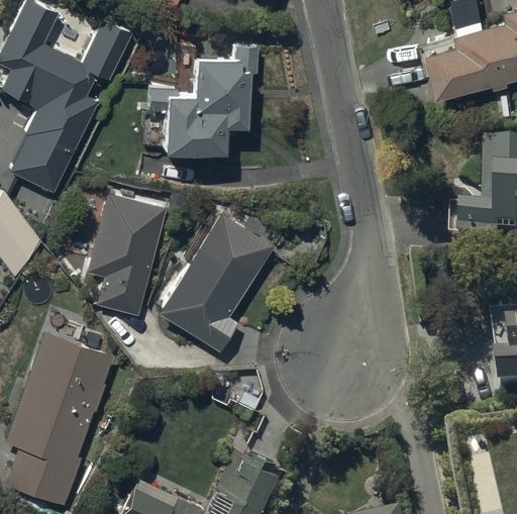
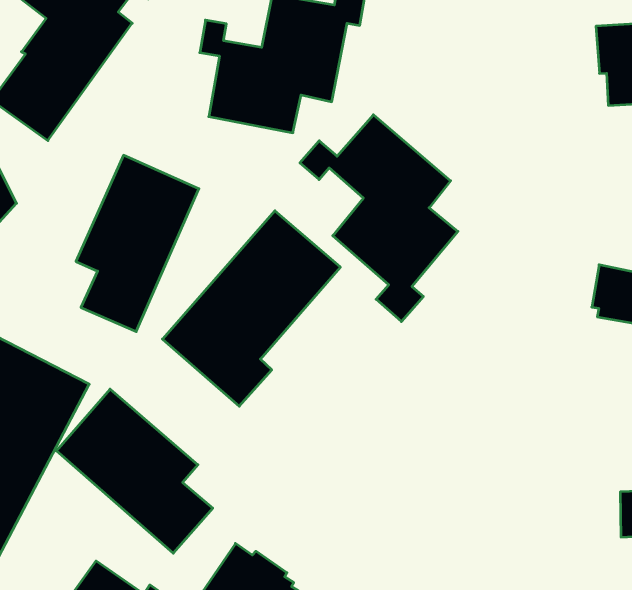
building: none -> [300,115,458,322]
building: none -> [56,389,213,553]

